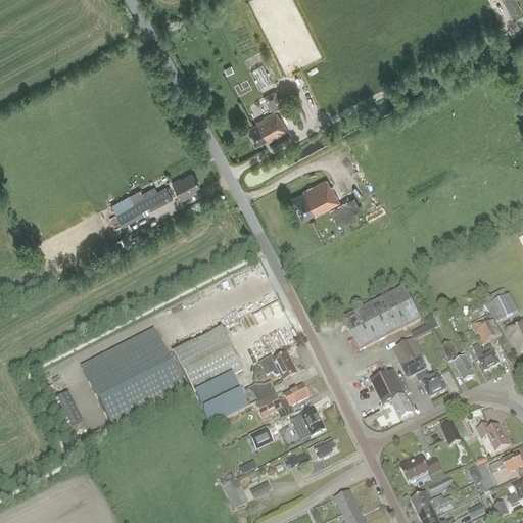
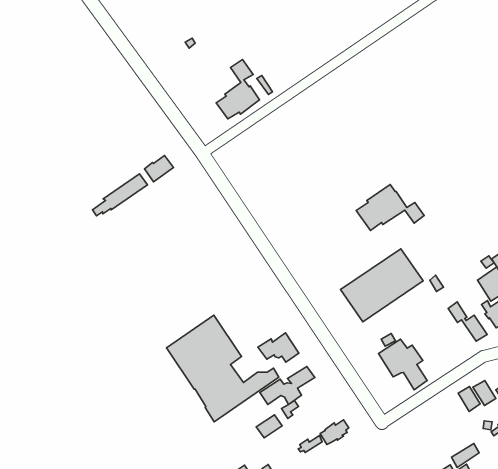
building: [291,177,354,218] -> [356,185,424,230]
building: [81,328,183,424] -> none
building: [397,338,446,395] -> none
building: [292,408,325,438] -> none
building: [400,457,440,480] -> none

